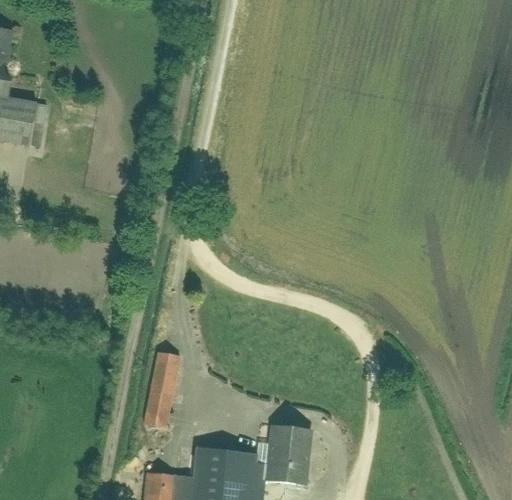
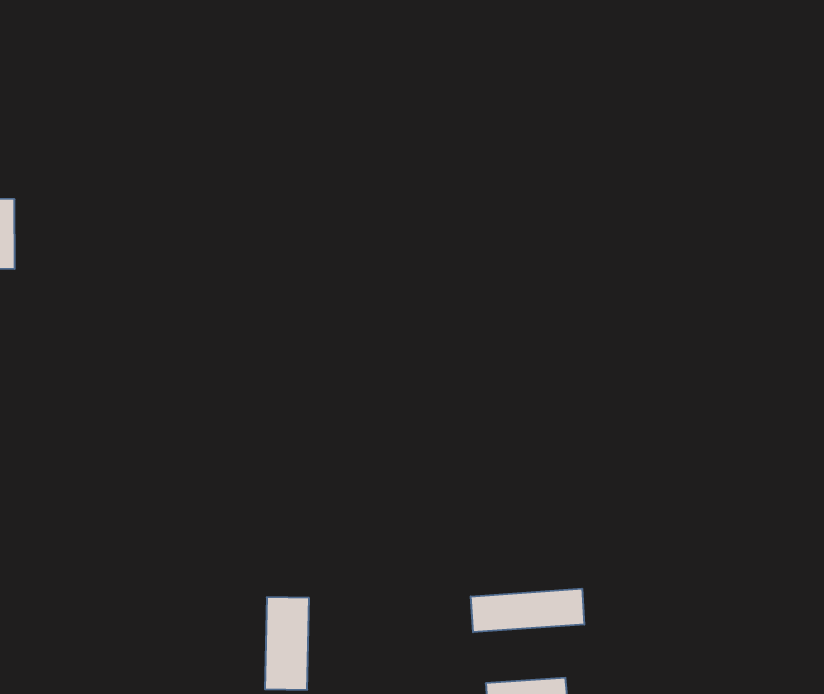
building: none -> [471,589,584,632]

